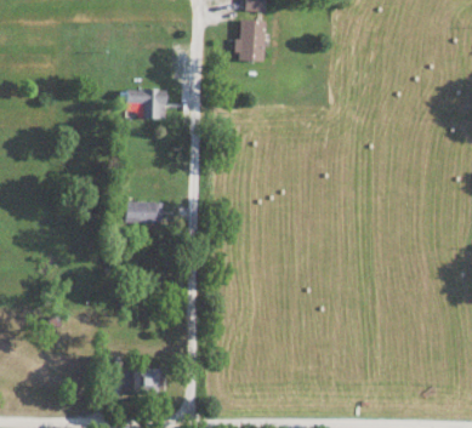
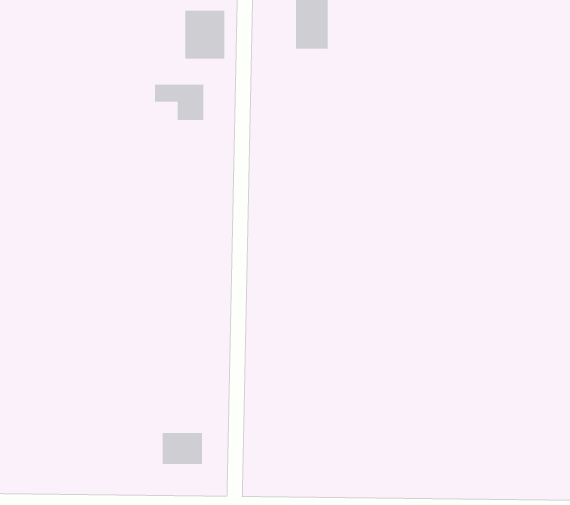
building: none -> [185,10,225,59]
building: [119,201,161,222] -> none

